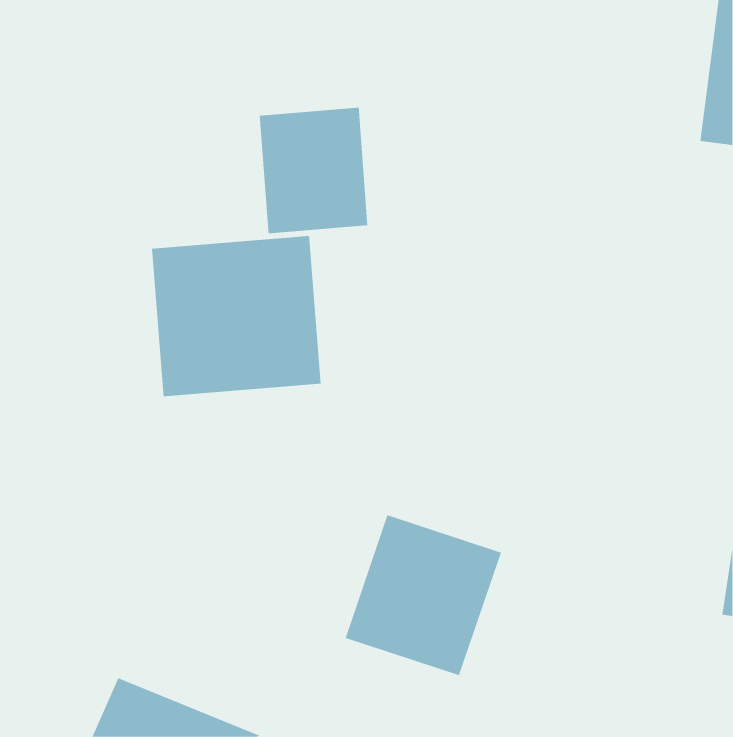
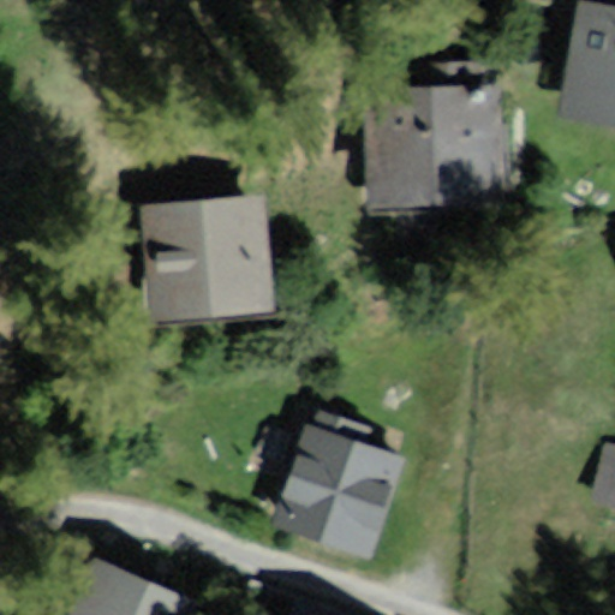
building: [259,107,368,234] -> none
building: none -> [383,91,497,207]

